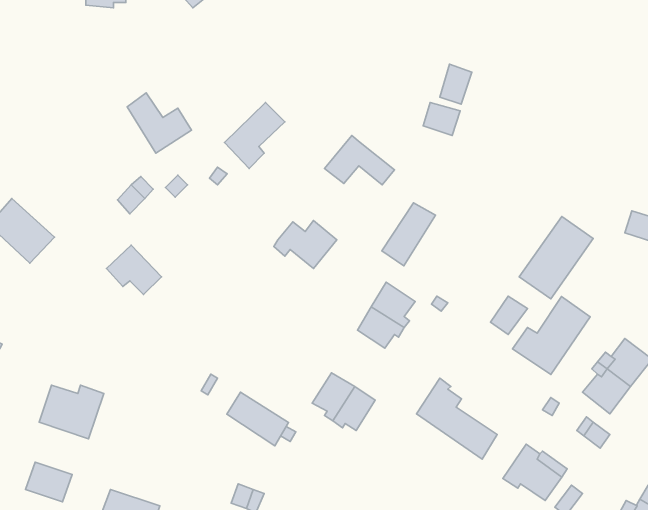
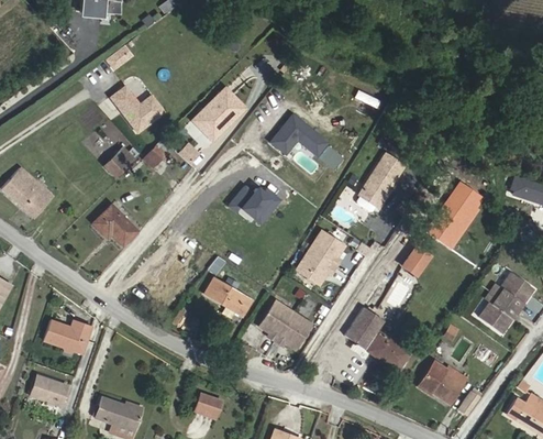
building: [440,64,472,104] -> none
building: [382,203,435,266] -> [359,154,402,205]
building: [512,297,590,374] -> none
building: [227,392,288,446] -> [207,276,256,319]

